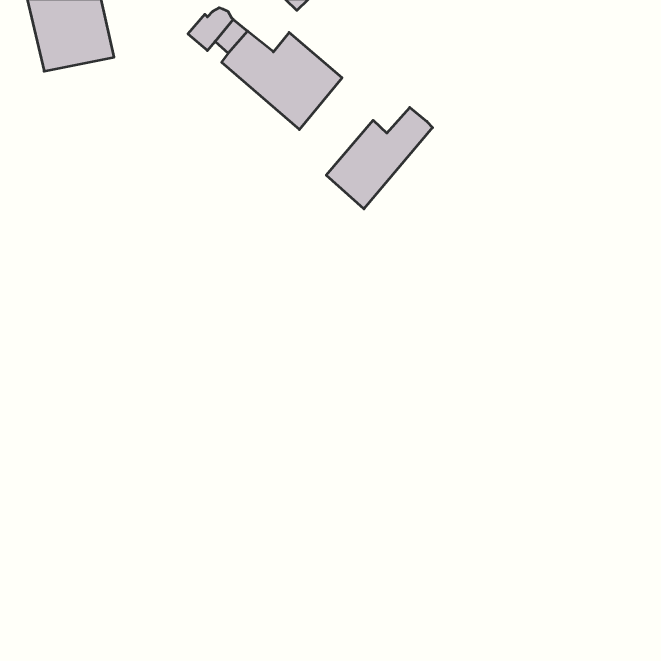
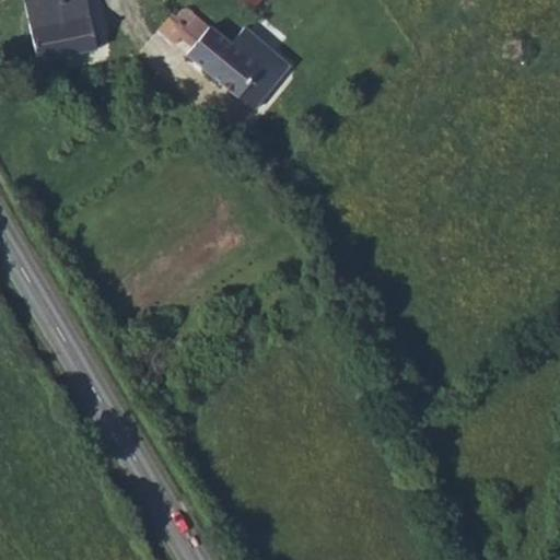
building: [326,107,433,209] -> none

